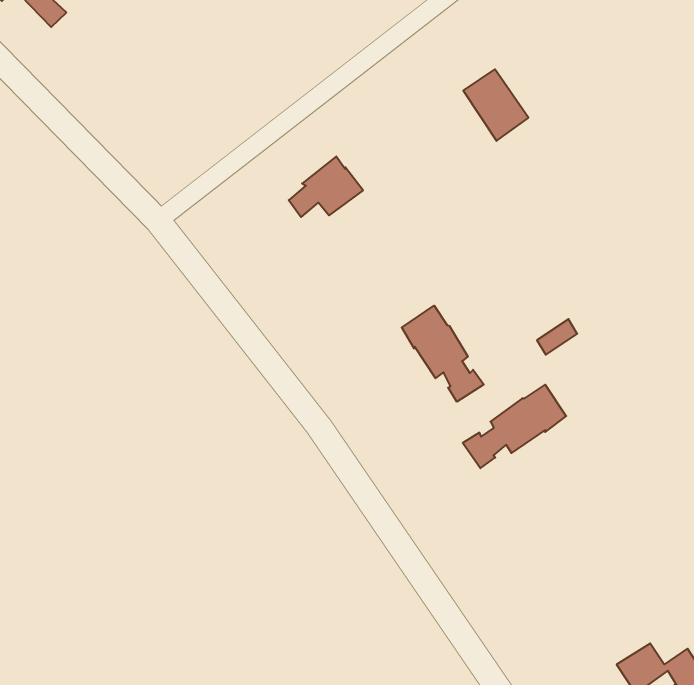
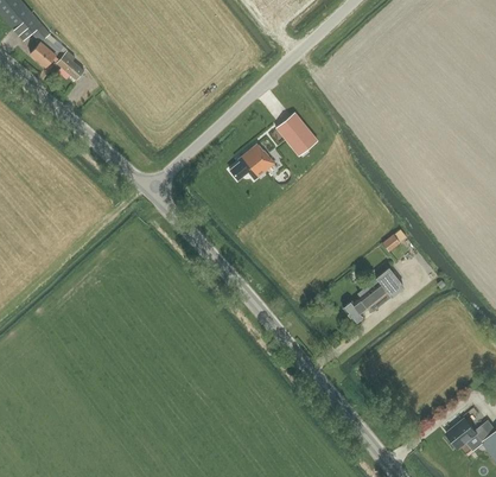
building: [463,69,528,141] -> [278,113,318,155]
building: [402,306,484,402] -> none

